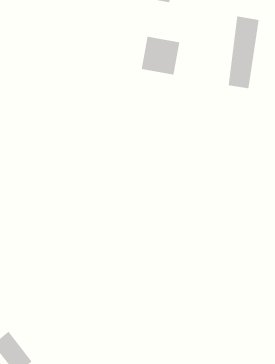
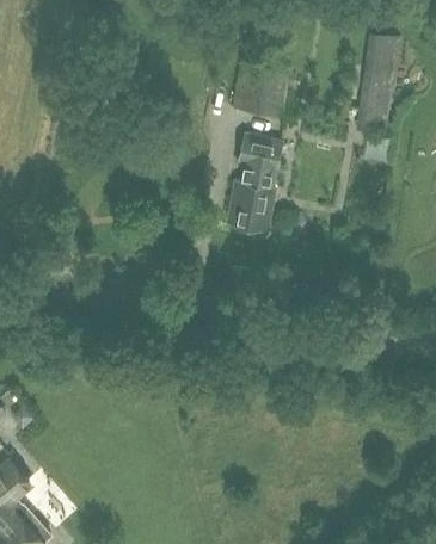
building: none -> [227,134,281,230]

